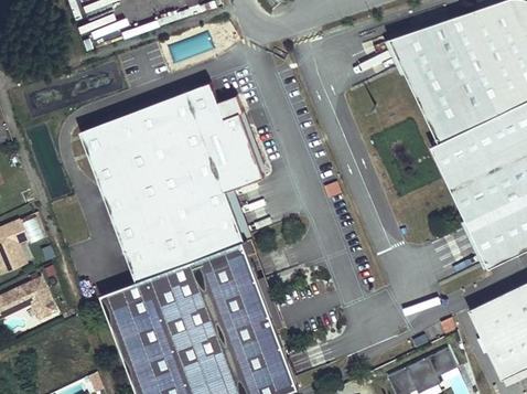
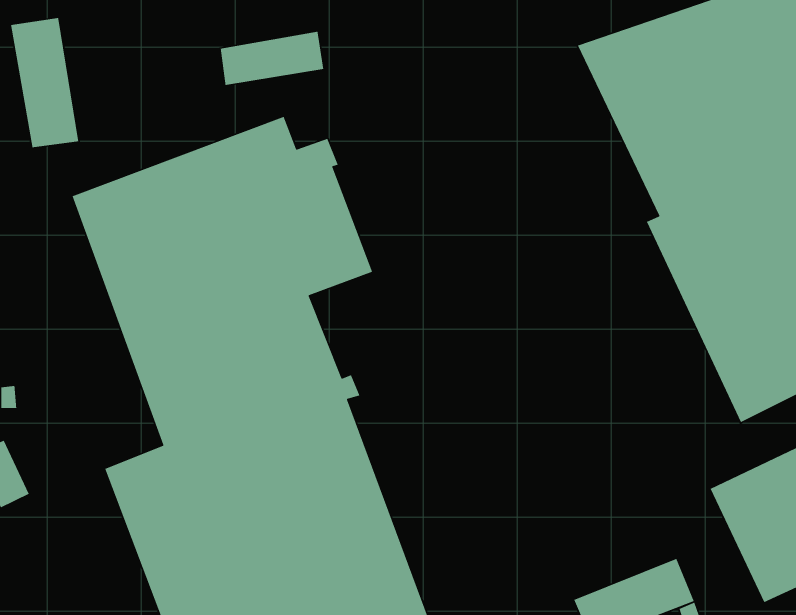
building: none -> [10,17,79,148]
building: none -> [220,31,324,86]

